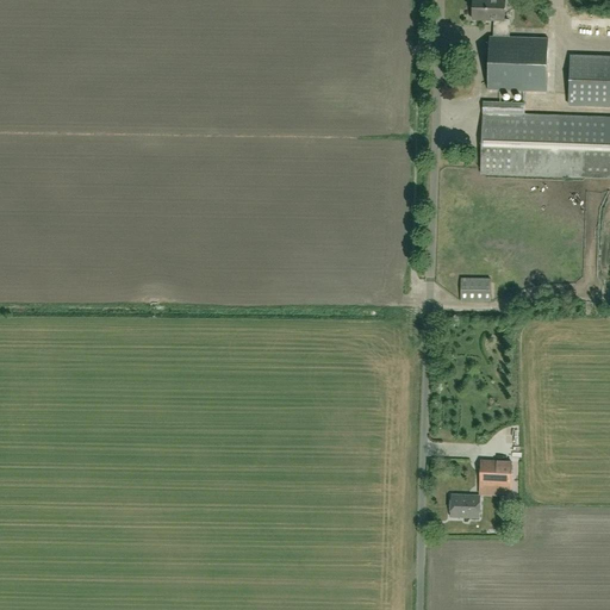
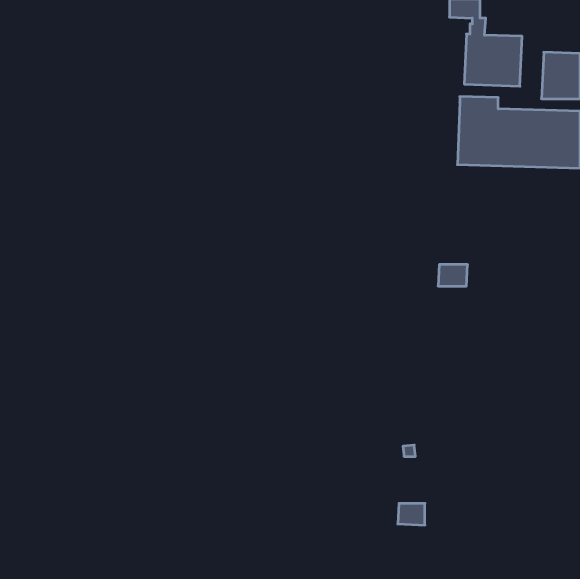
building: [480,460,510,485] -> none
building: [450,494,479,517] -> [398,503,425,525]

